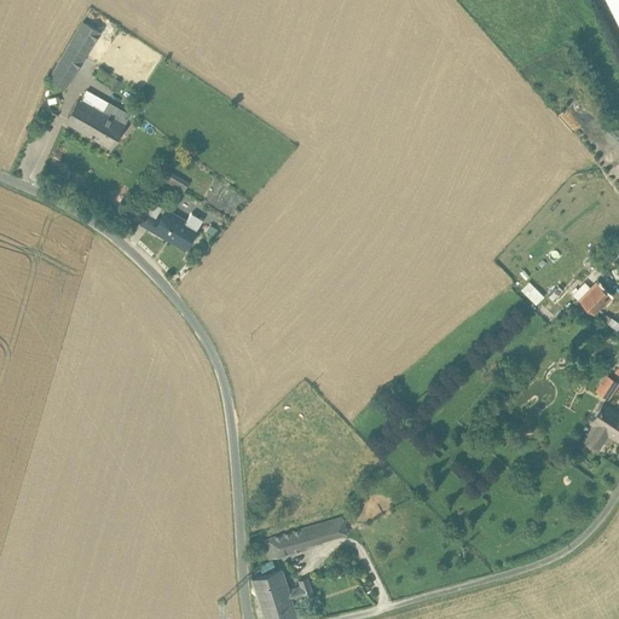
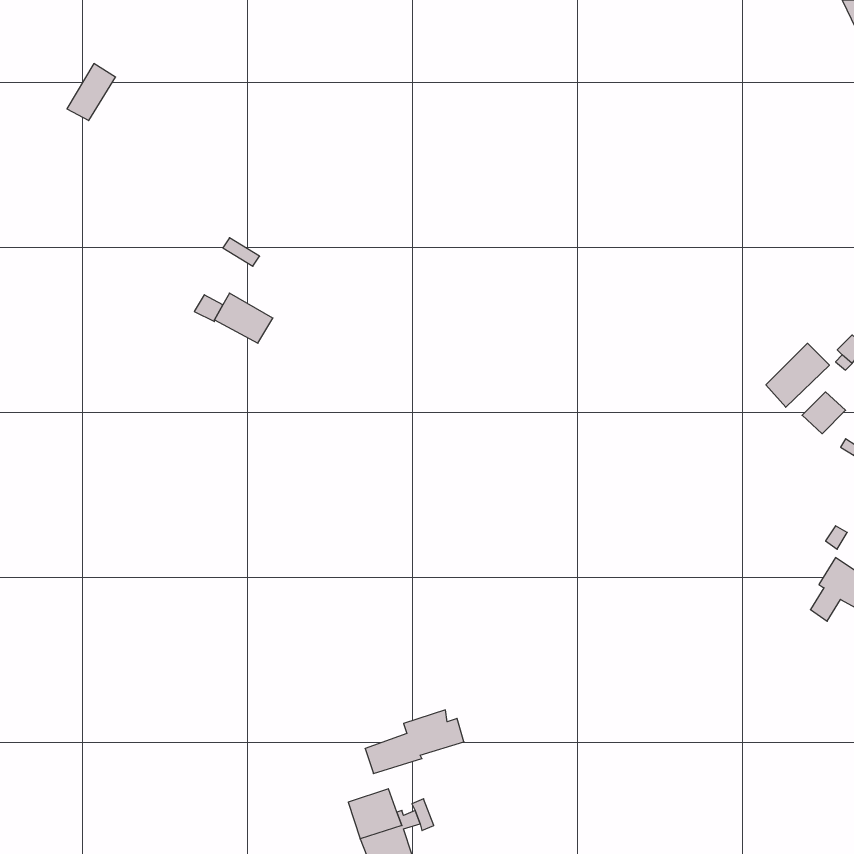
building: [69,22,100,57] -> none
building: [66,92,129,150] -> none
building: none -> [766,343,829,407]

